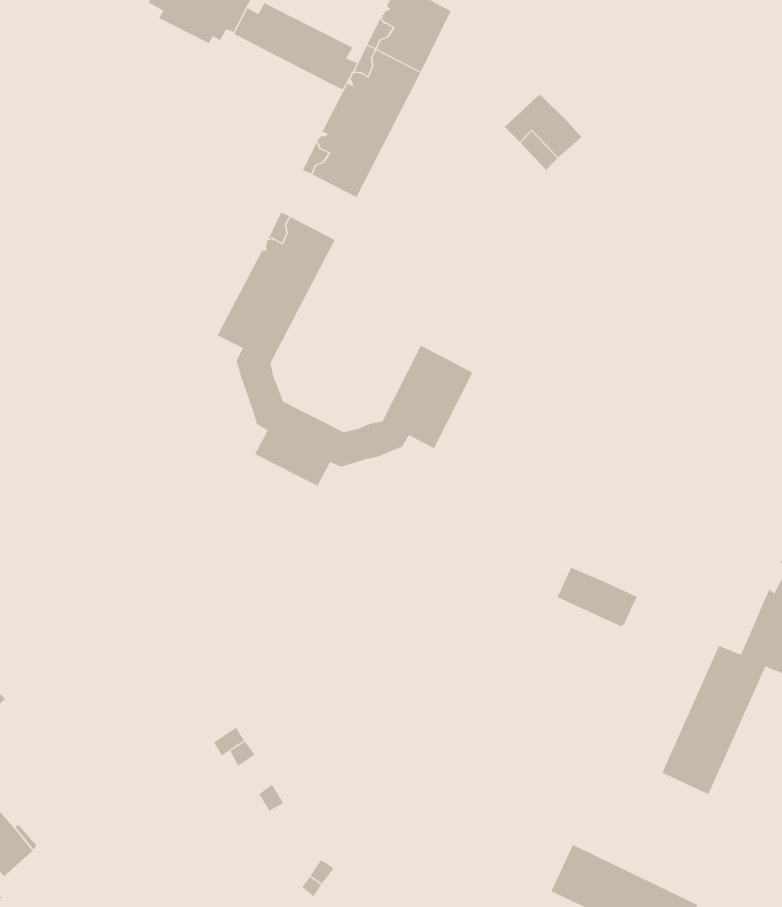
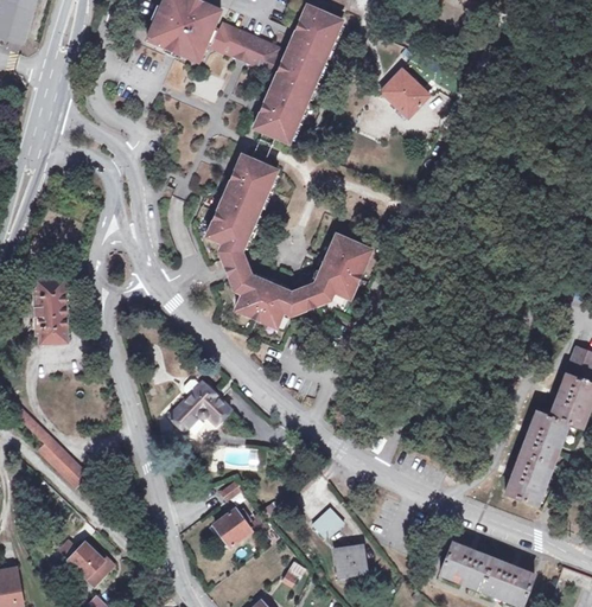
building: none -> [168,382,230,430]
building: [557,567,637,627] -> none
building: none -> [214,509,250,545]
building: none -> [312,507,344,539]
building: none -> [335,544,365,573]

